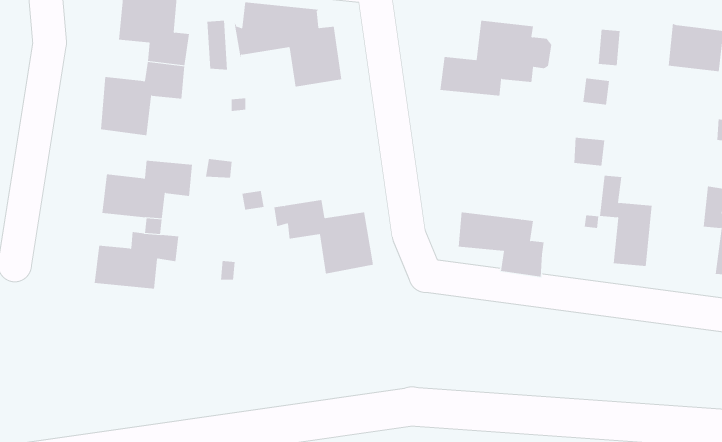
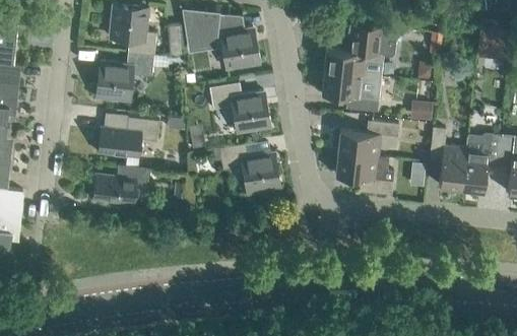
building: none -> [321,71,379,112]
building: none -> [209,83,269,133]
building: none -> [337,122,398,157]
building: none -> [461,130,502,191]

